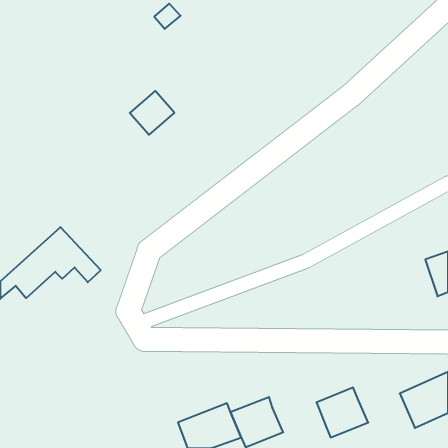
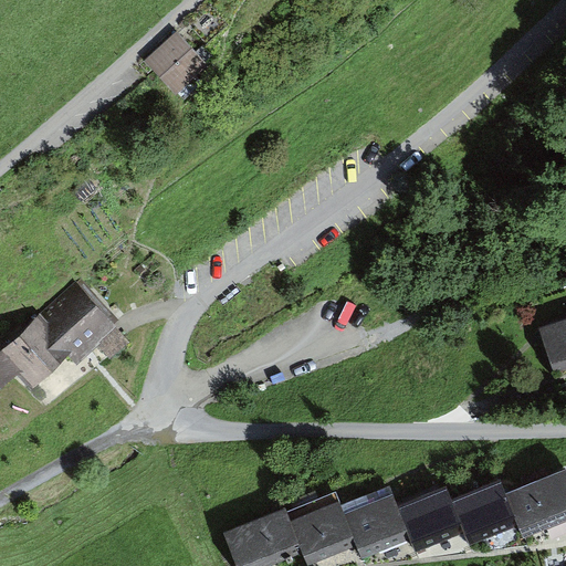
building: [130,91,174,135] -> [153,31,209,86]
building: none -> [451,483,517,546]
building: none -> [344,494,411,558]

